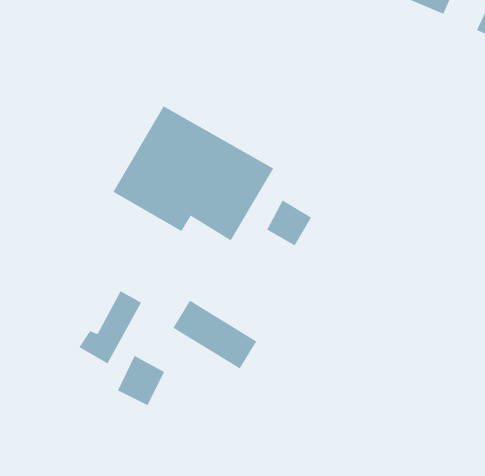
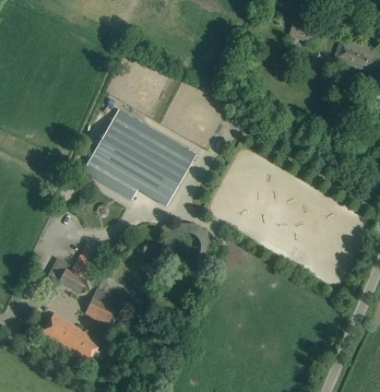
building: [267,200,312,246] -> none
building: [173,300,257,369] -> [39,312,99,361]

